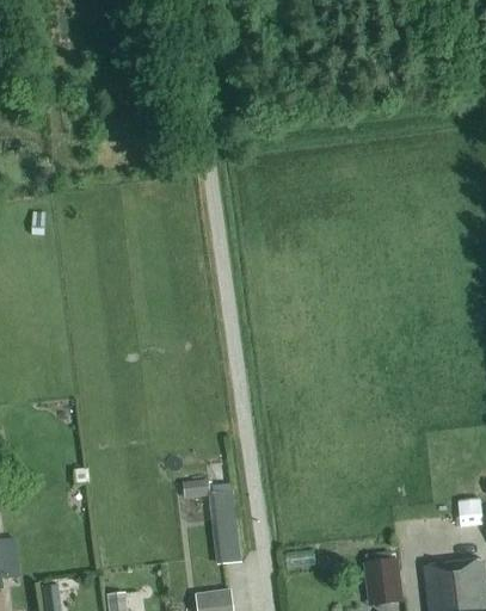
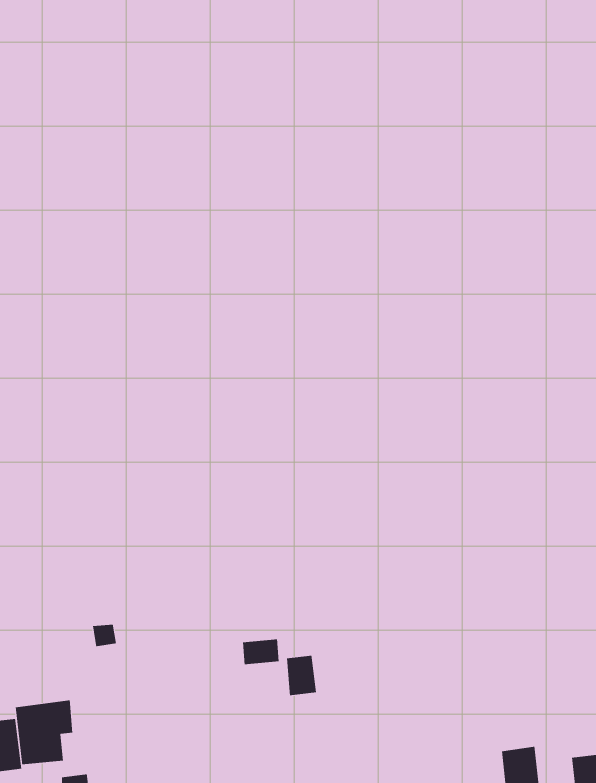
building: [213,520,236,561] -> none
building: none -> [15,700,73,765]

